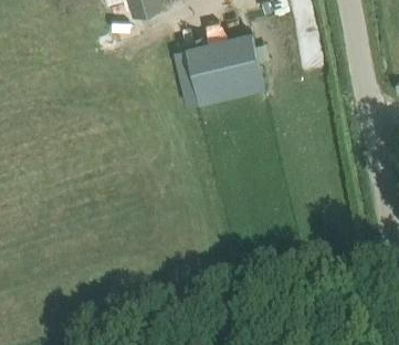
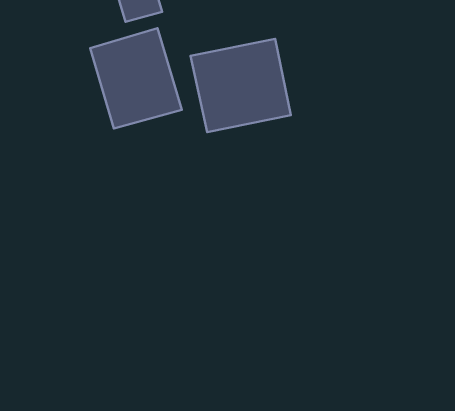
building: none -> [90,28,182,129]

